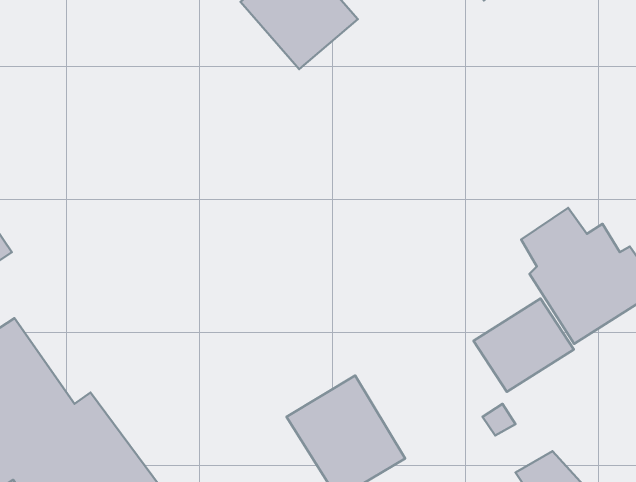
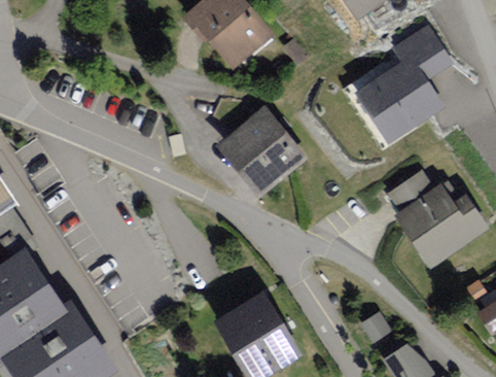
building: none -> [340,27,451,152]
building: none -> [215,105,307,197]
building: [474,298,574,392] -> none

